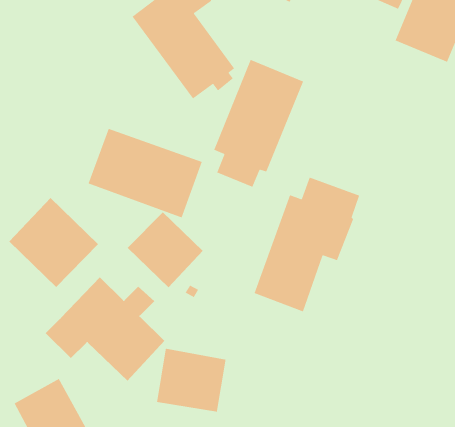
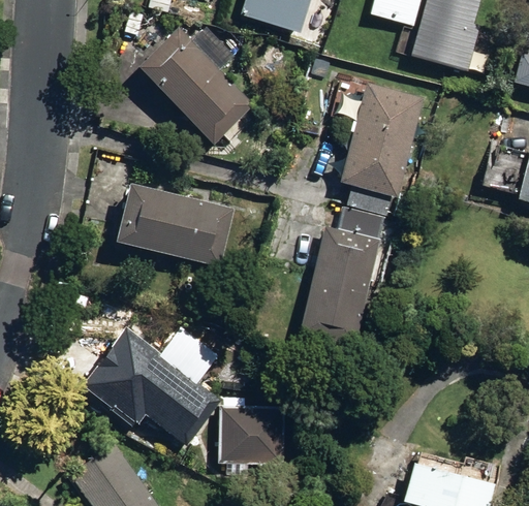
building: [213,59,304,188] -> [340,84,424,215]
building: [9,197,99,288] -> none
building: [127,211,203,288] -> none

